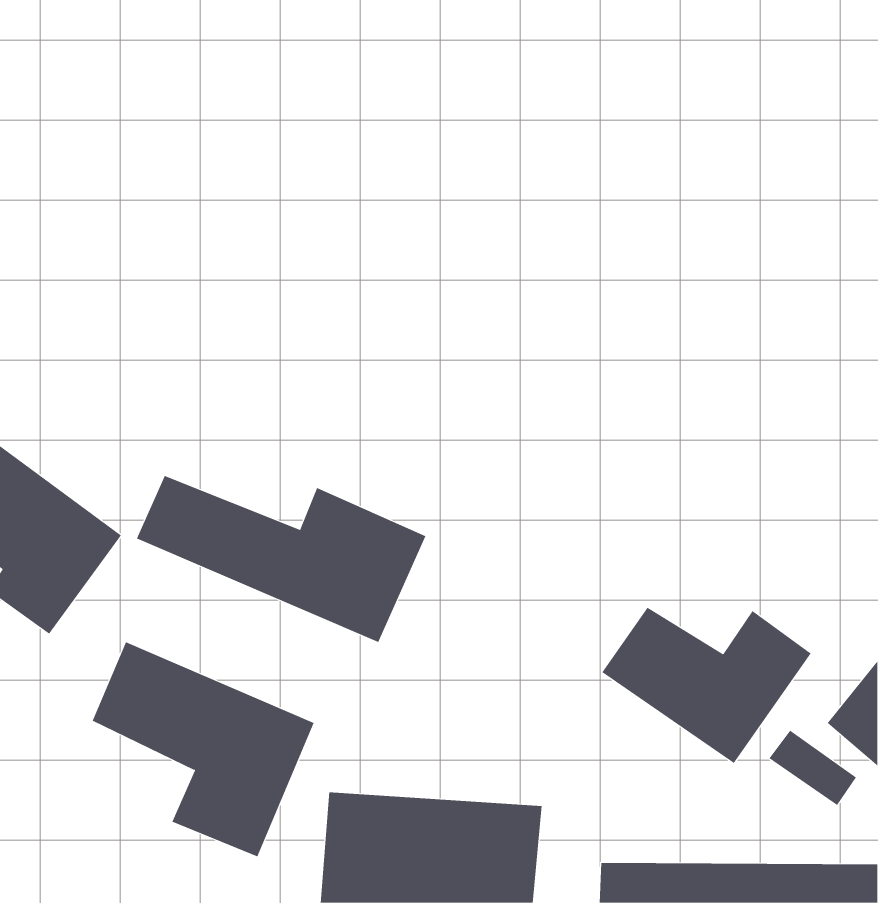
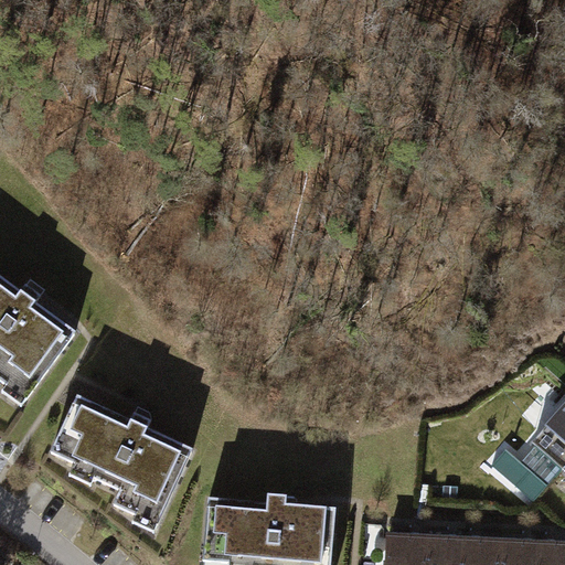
building: [136,475,426,643] -> none
building: [602,607,812,764] -> none

